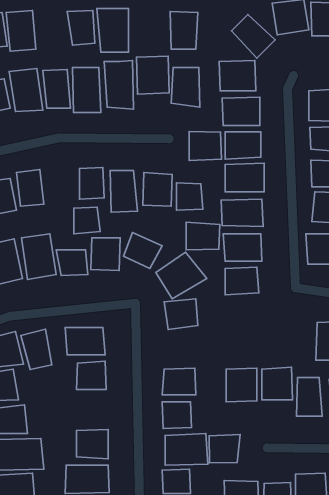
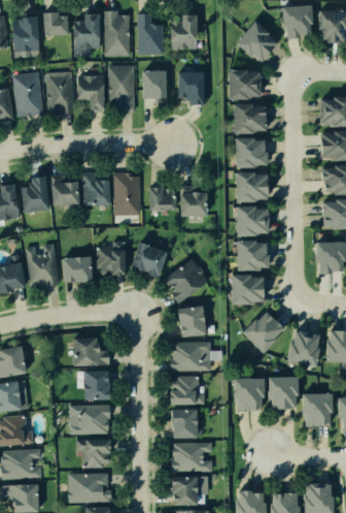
building: none -> [42,13,69,39]
building: none -> [138,14,173,56]
building: [189,132,222,160] -> none
building: [74,207,100,234] -> [53,181,79,207]
building: [186,222,220,250] -> none
building: none -> [240,312,283,354]
building: none -> [283,330,317,368]
building: [21,329,52,369] -> none
building: none -> [171,344,214,375]
building: none -> [76,407,113,434]
building: [209,434,240,463] -> none

